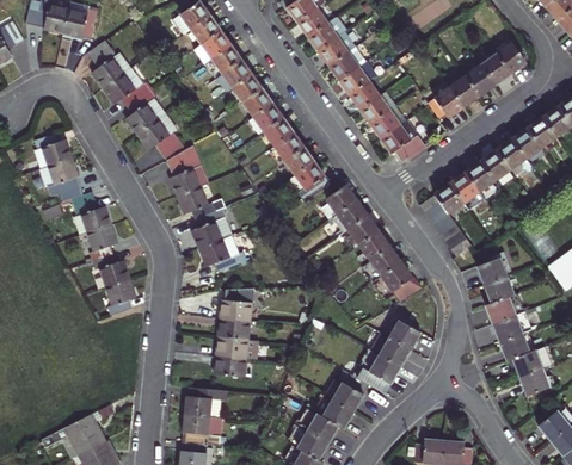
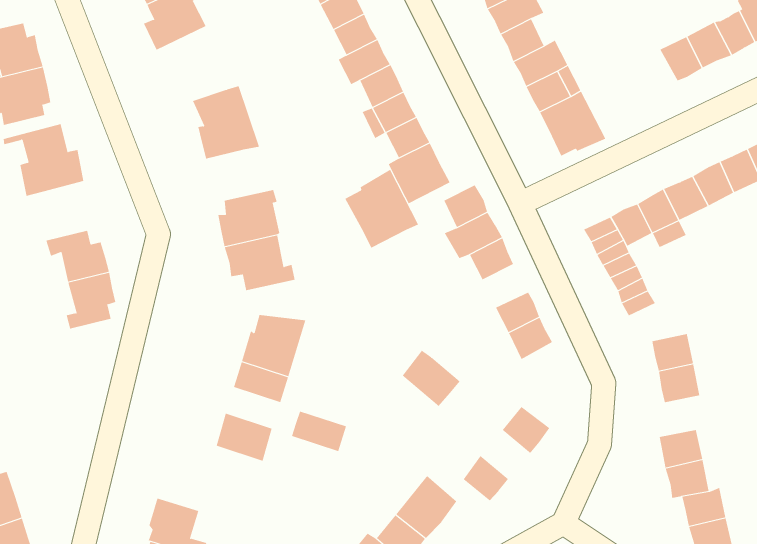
building: [429,85,465,116] -> none
building: [139,117,186,165] -> none
building: none -> [345,169,419,249]
building: [180,190,229,223] -> none
building: [84,225,116,266] -> none
building: [363,232,394,266] -> none
building: [481,297,512,324] -> none
building: [375,333,412,366] -> [402,350,461,407]
building: [219,337,252,359] -> [291,411,347,452]
building: [185,386,225,417] -> none

